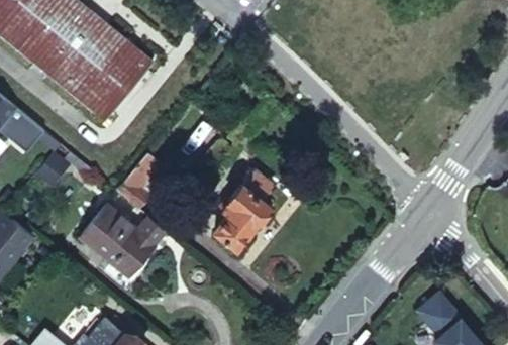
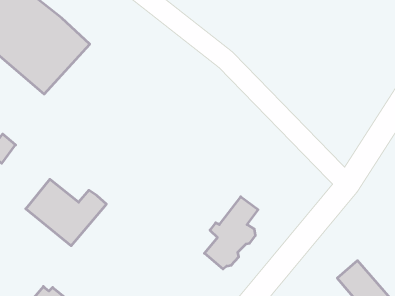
building: [118,154,162,211] -> none
building: [216,171,275,250] -> [204,197,258,269]

